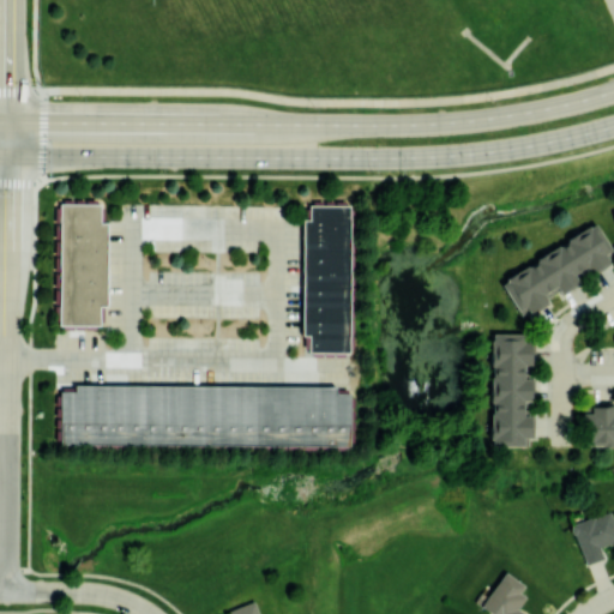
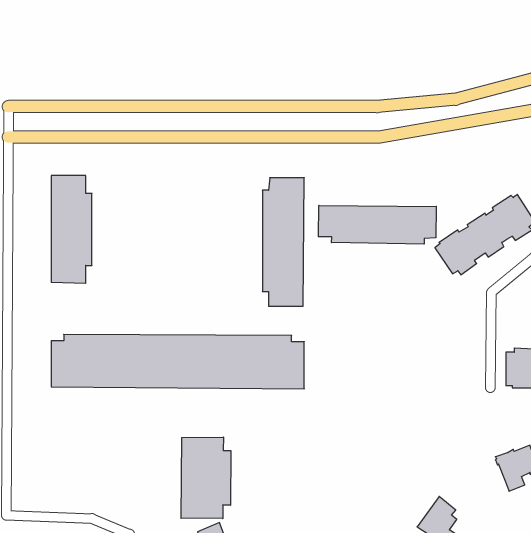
building: none -> [318,205,436,244]
building: [492,333,532,446] -> none
building: none -> [181,437,231,519]

